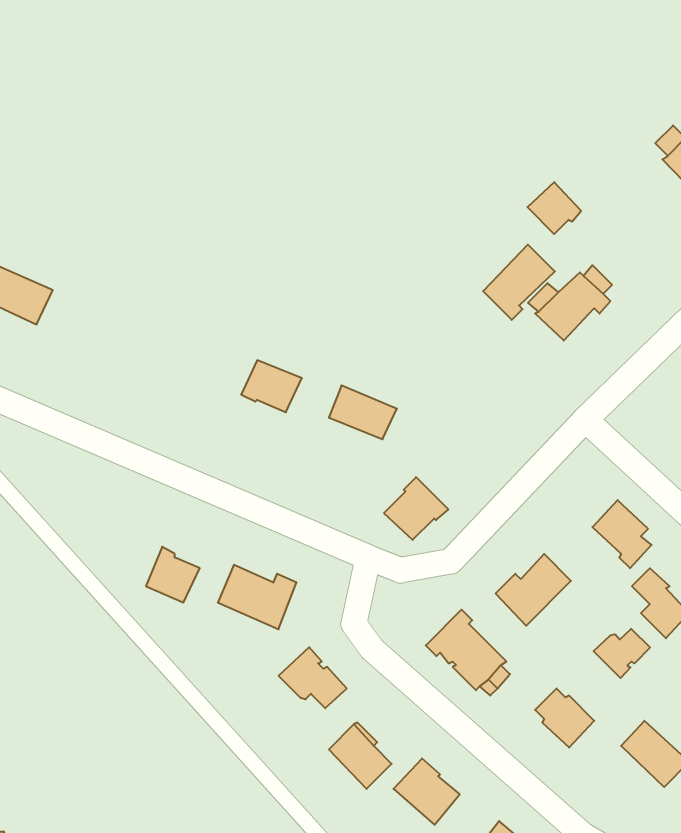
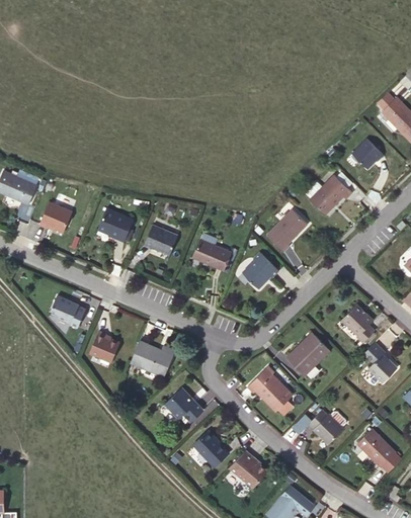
building: [527,182,581,234] -> [352,140,383,169]
building: [483,245,555,320] -> [267,209,308,252]
building: none -> [39,202,72,233]
building: none -> [97,208,134,242]
building: [384,477,448,540] -> [243,253,279,288]
building: none -> [52,296,86,328]
building: [594,629,650,678] -> none

